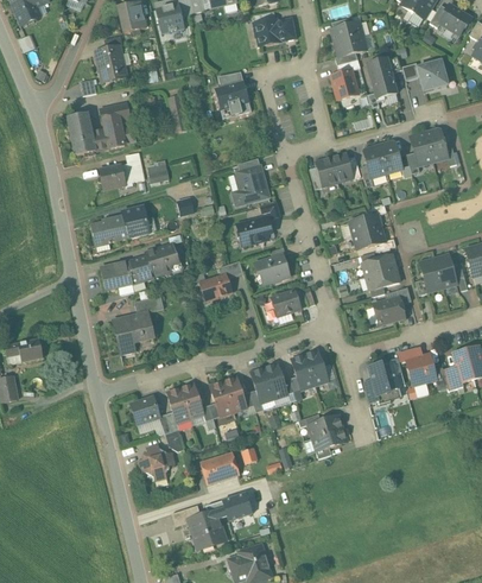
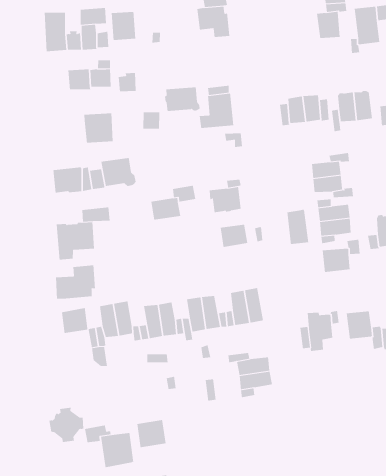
building: none -> [111,11,136,41]
building: [90,215,128,251] -> none
building: [237,216,274,245] -> [164,87,200,112]
building: none -> [287,209,309,245]
building: none -> [56,264,96,299]
building: [138,444,173,480] -> [49,407,84,442]
building: [201,451,239,483] -> none

